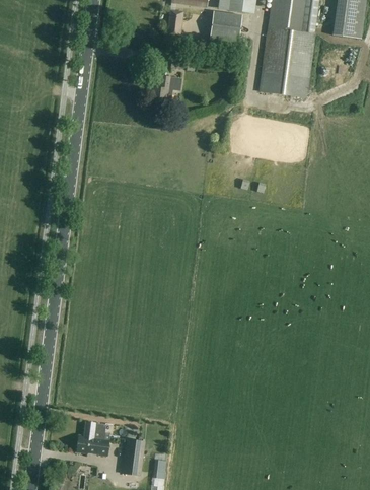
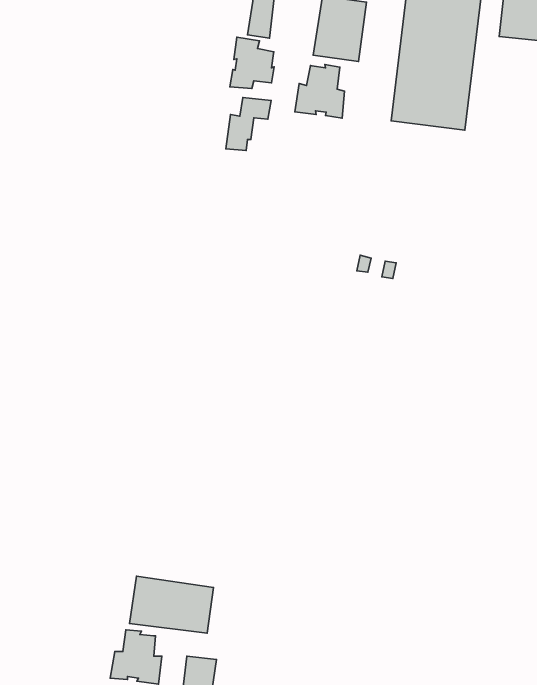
building: none -> [230,37,274,89]
building: none -> [295,65,345,118]
building: none -> [130,576,213,633]

